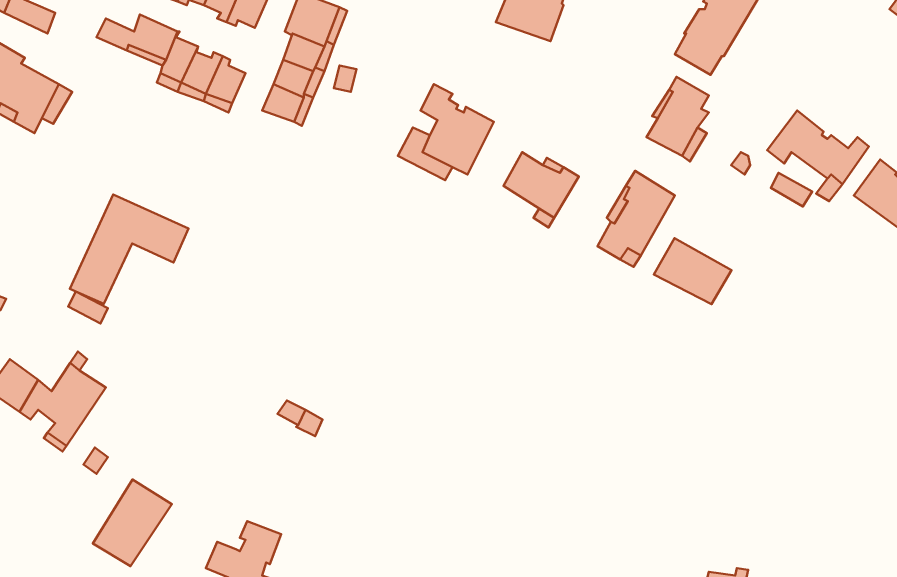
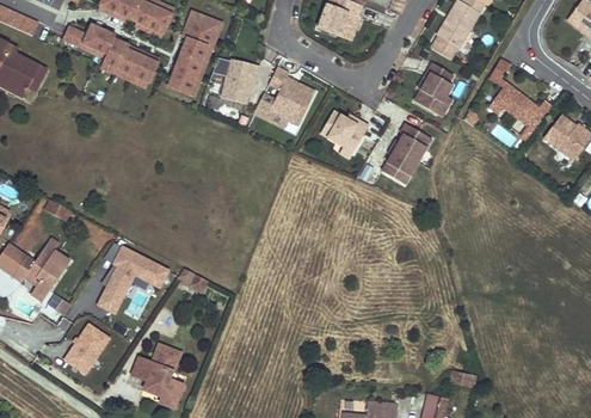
building: none -> [221,60,258,105]
building: [70,195,189,304] -> [94,244,170,313]
building: [654,238,731,304] -> none

